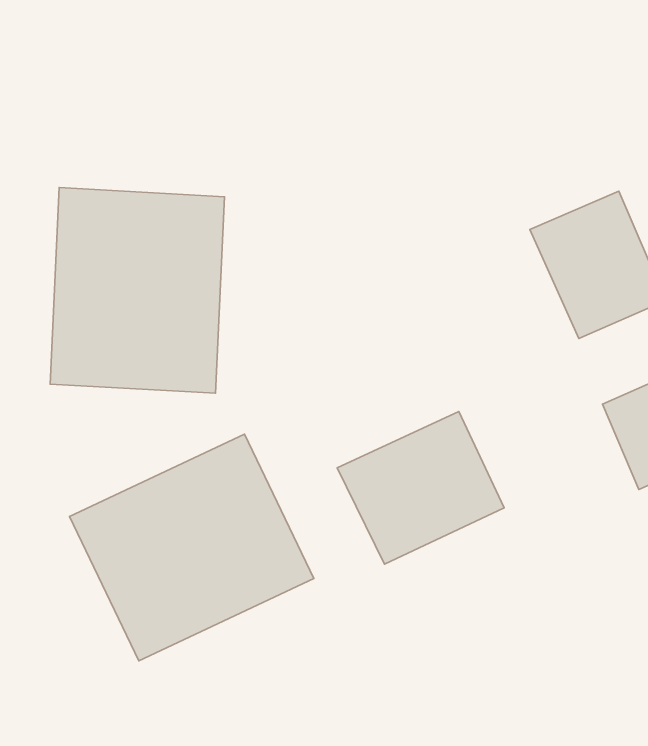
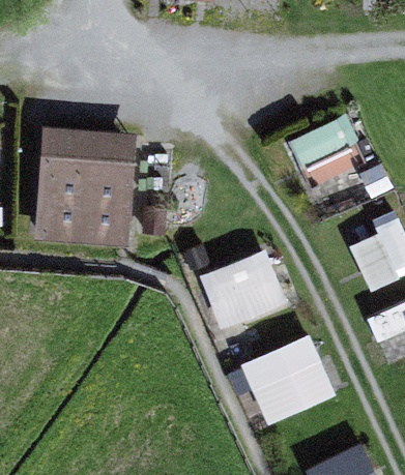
building: [69,434,314,661] -> none
building: none -> [241,335,338,427]

